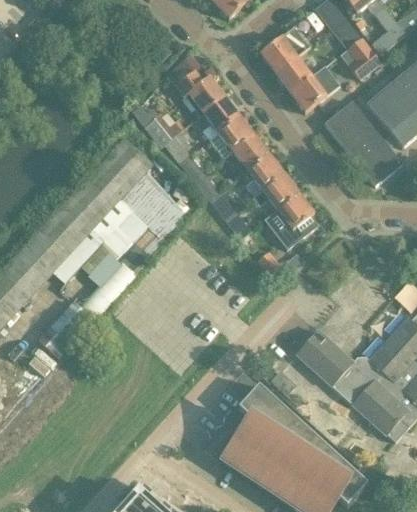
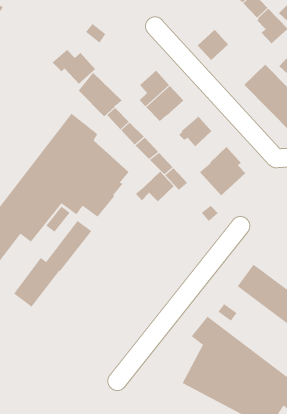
building: [259,26,310,72] -> none
building: [289,64,340,112] -> none
building: [175,70,225,112] -> [52,49,96,85]
building: [233,134,269,169] -> none
building: [252,172,298,208] -> [135,171,175,202]

